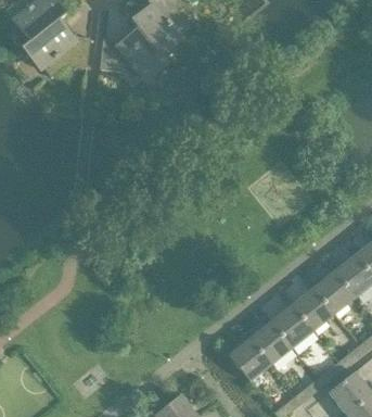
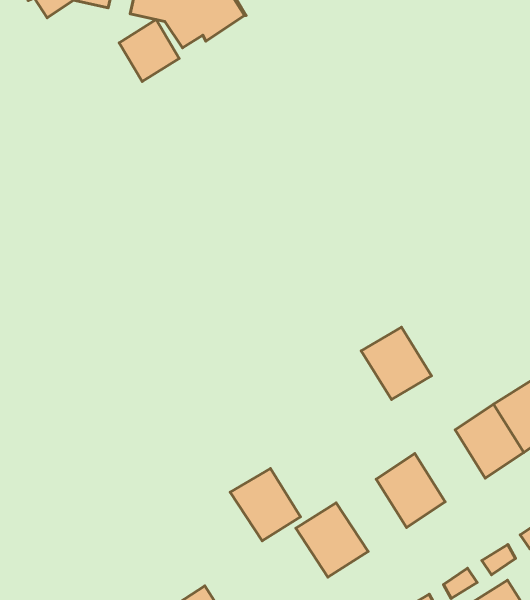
building: none -> [119,20,179,82]
building: [292,288,334,330] -> [361,327,432,399]
building: [249,321,292,364] -> [230,468,301,541]

